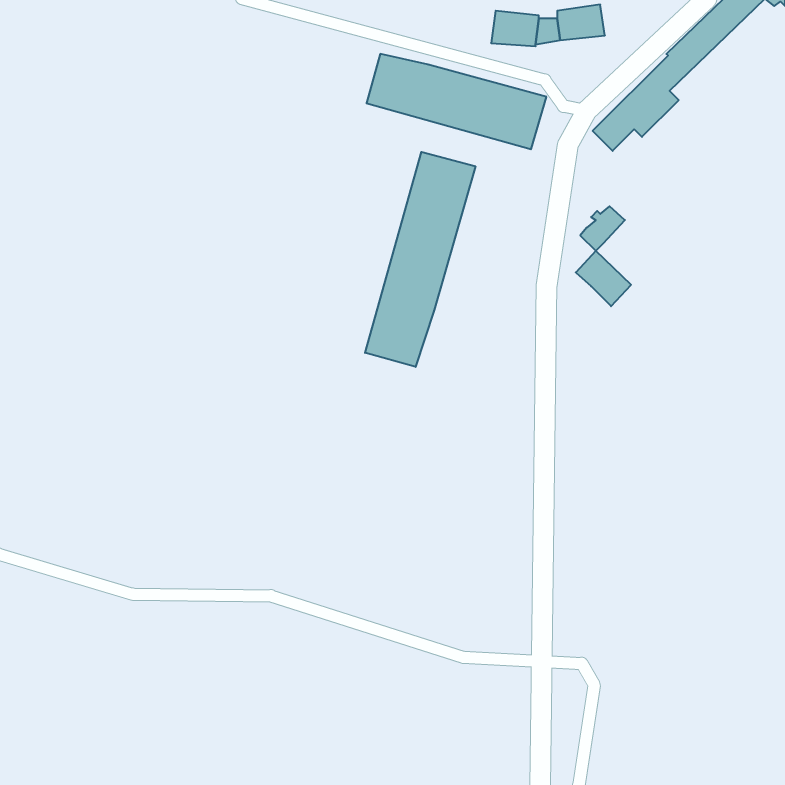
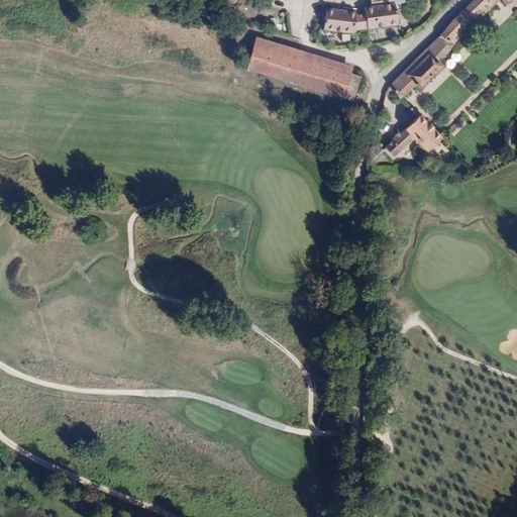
building: [365,152,475,367] -> none
building: [576,251,631,306] -> [400,121,436,158]

